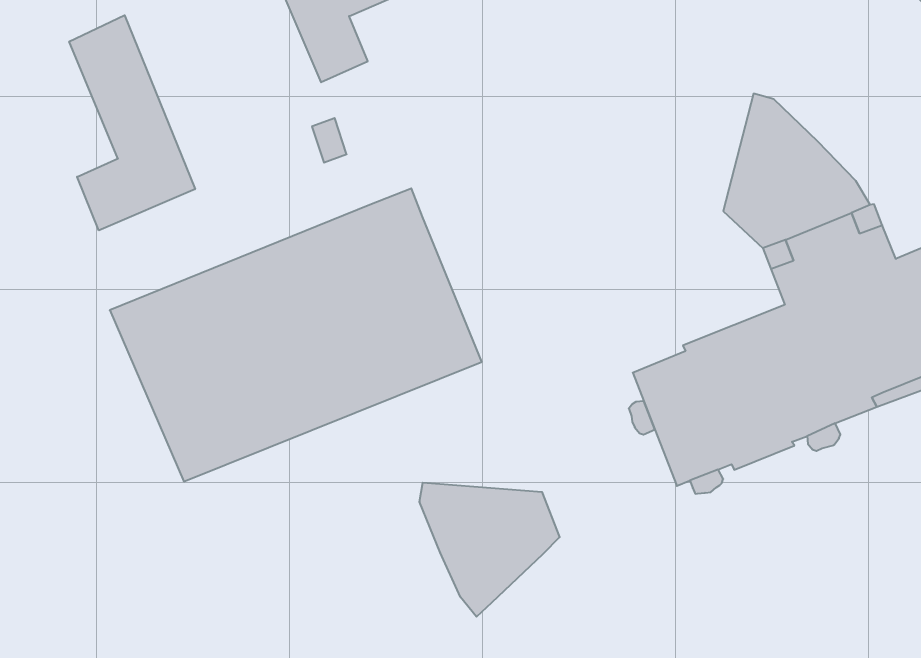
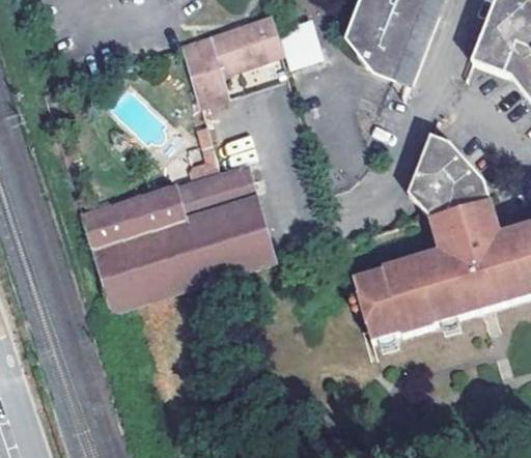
building: [69,15,195,230] -> none
building: [420,483,560,617] -> none

